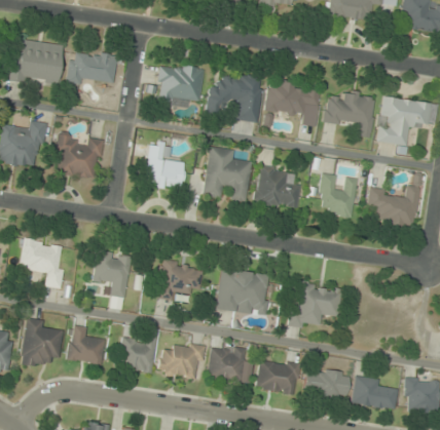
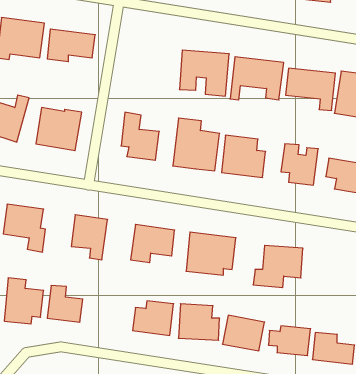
building: [157,65,204,104] -> none
building: [119,331,156,372] -> none

